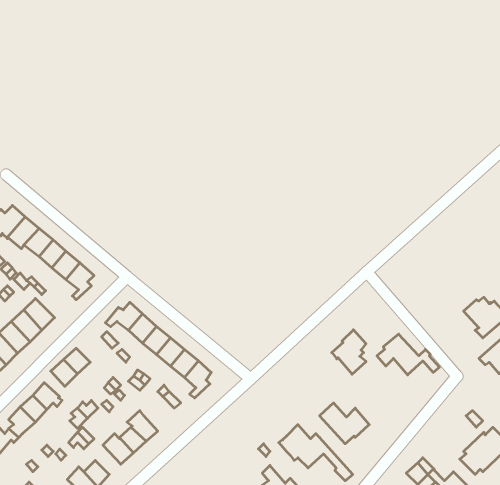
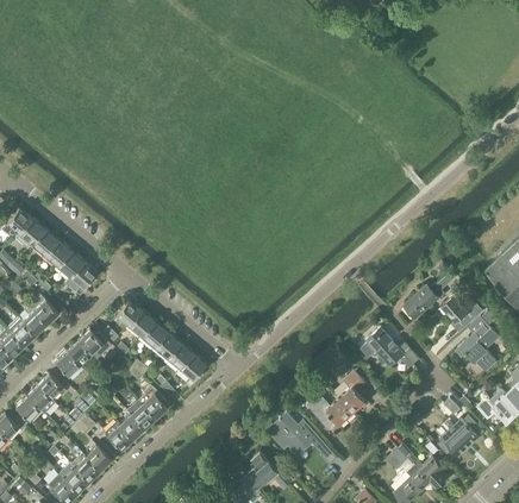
building: none -> [404,284,444,319]
building: [332,330,366,374] -> [333,371,365,413]
building: none -> [79,331,112,360]
building: none -> [138,384,168,419]

